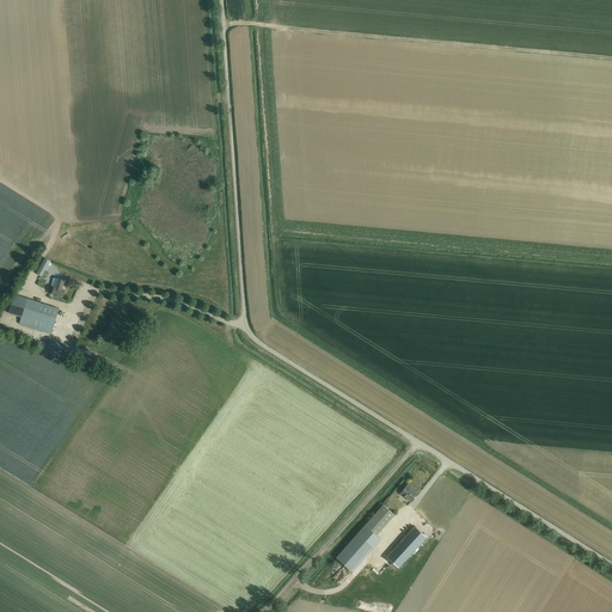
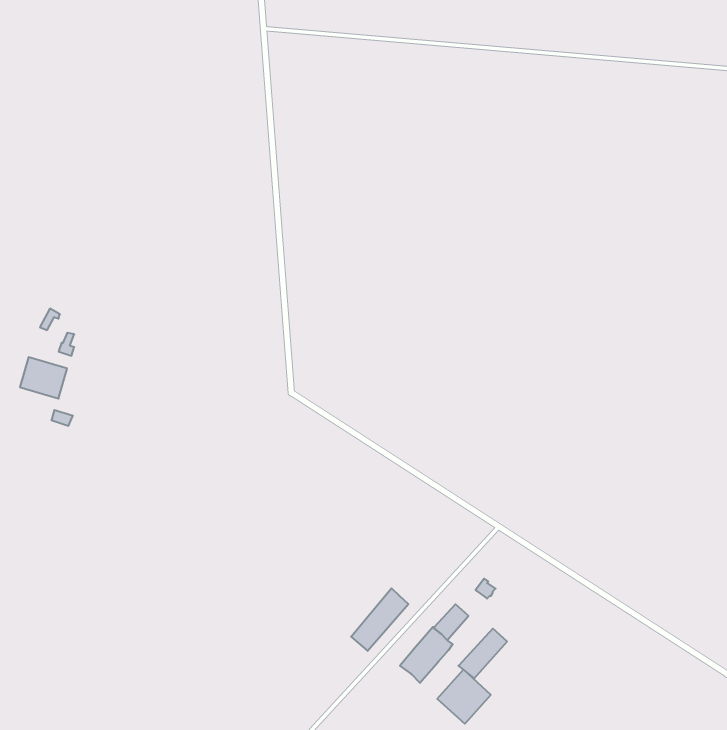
building: none -> [351,588,408,651]
building: none -> [437,670,491,724]

